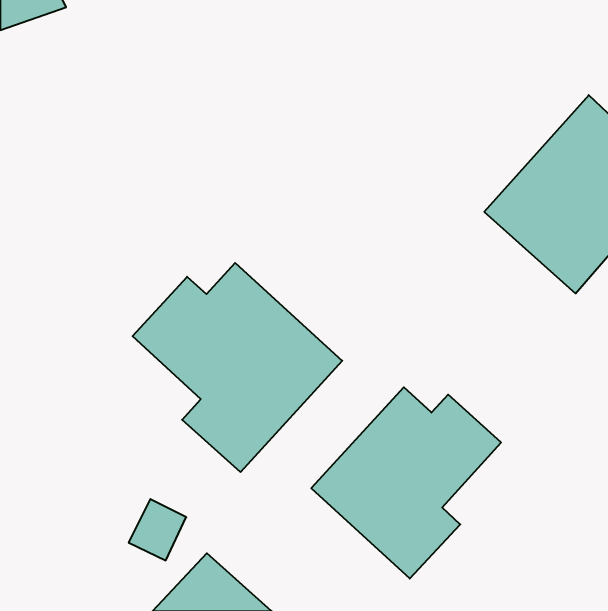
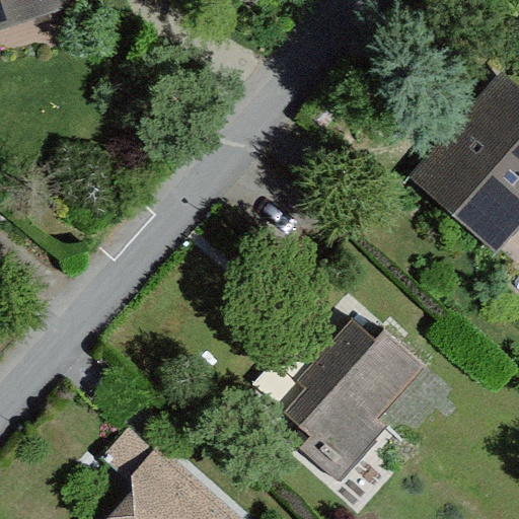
building: [133,263,342,472] -> none

